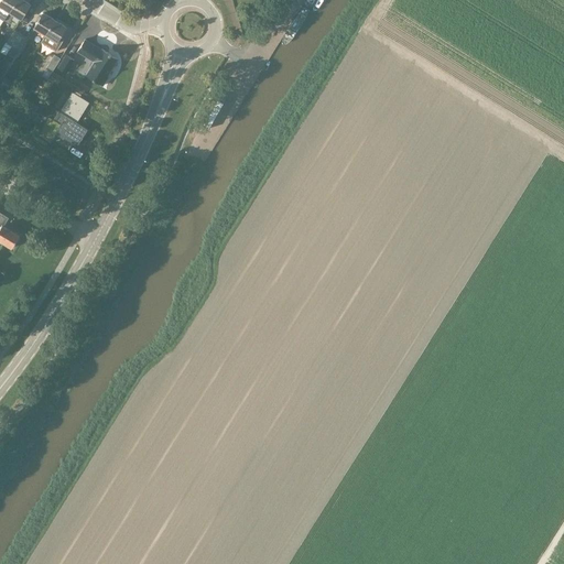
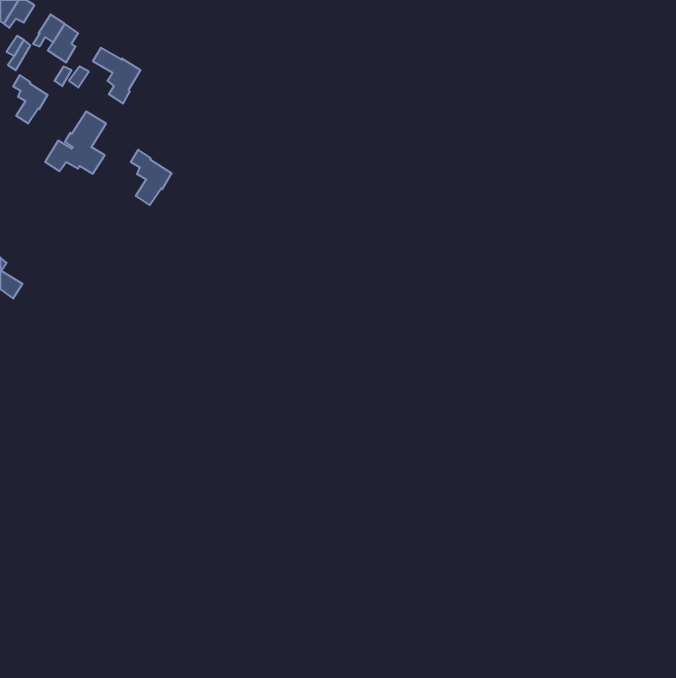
building: none -> [13,75,48,124]
building: none -> [131,150,172,205]

